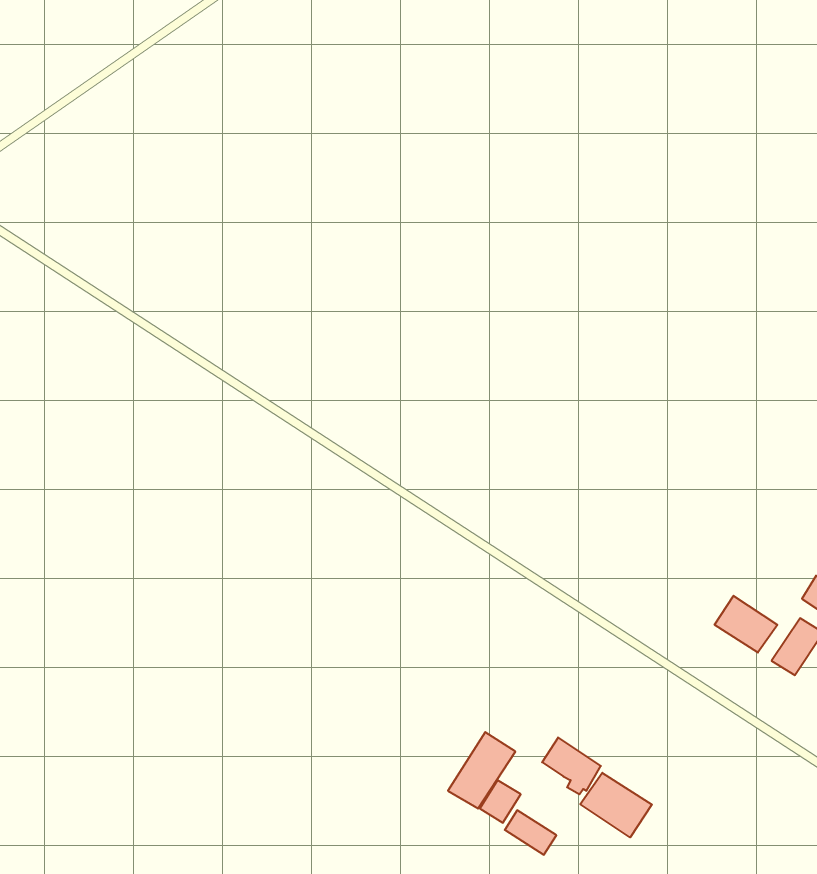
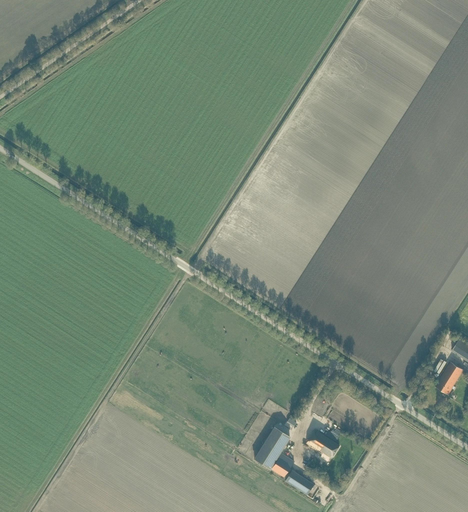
building: [715,596,777,653] -> none
building: [580,773,652,837] -> none

